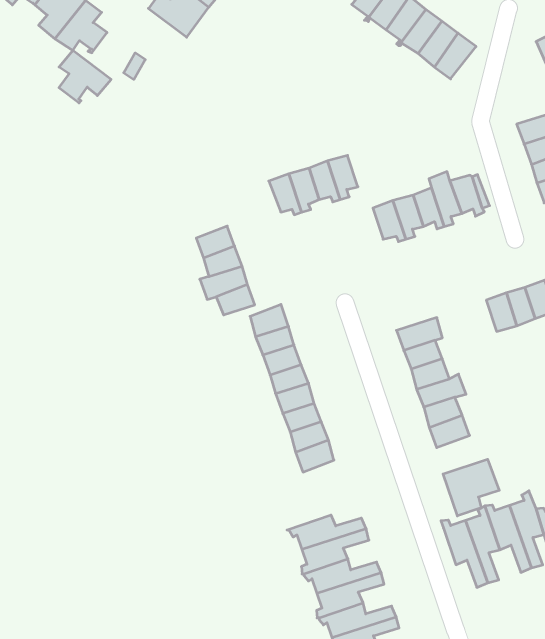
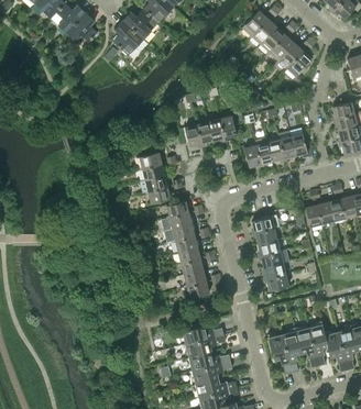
building: [59,51,111,103] -> [113,21,144,52]
building: [443,459,499,516] -> none

